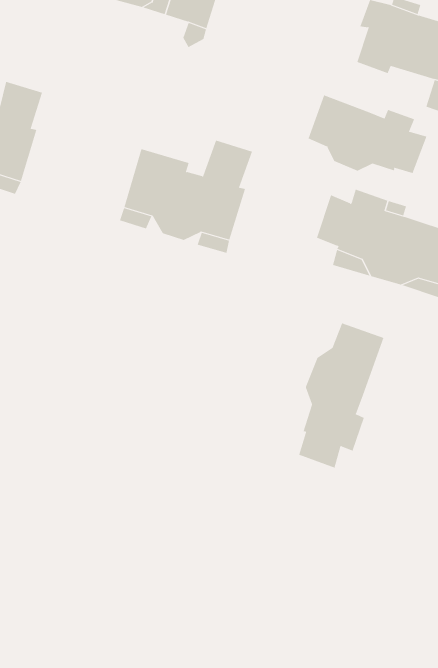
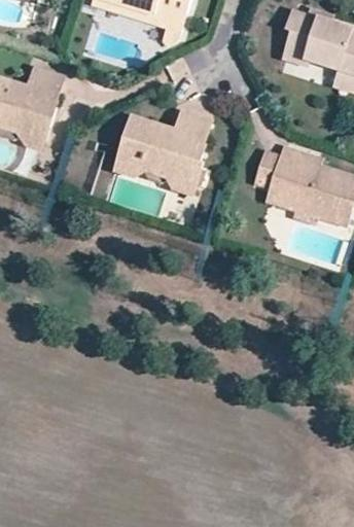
building: [308,95,427,174] -> none
building: [298,323,384,468] -> none

